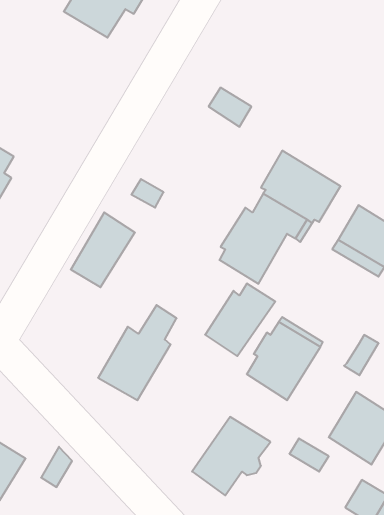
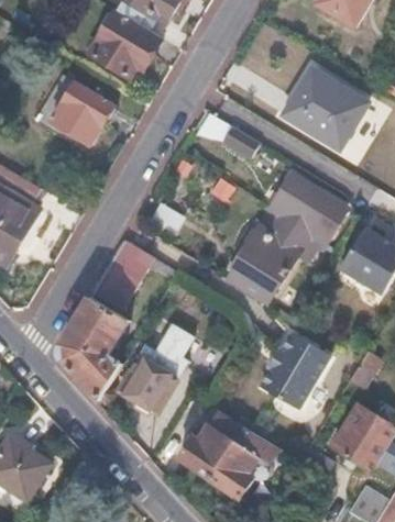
building: none -> [283,69,365,149]
building: none -> [52,80,116,144]
building: none -> [62,296,130,400]
building: [205,284,275,356] -> [176,411,241,478]

